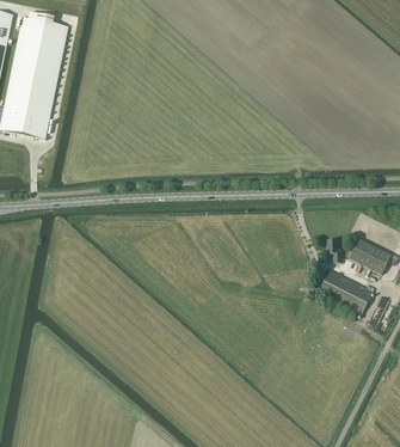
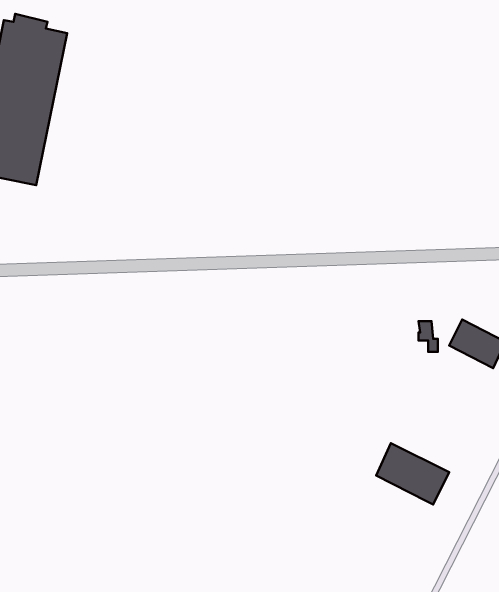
building: [319,268,373,313] -> [376,443,449,504]

